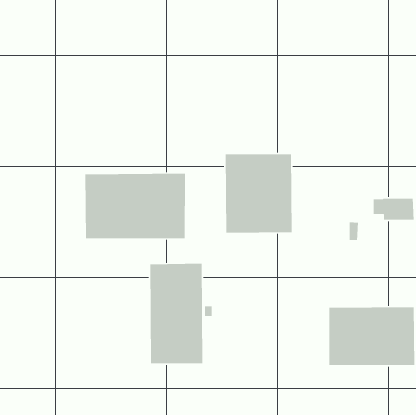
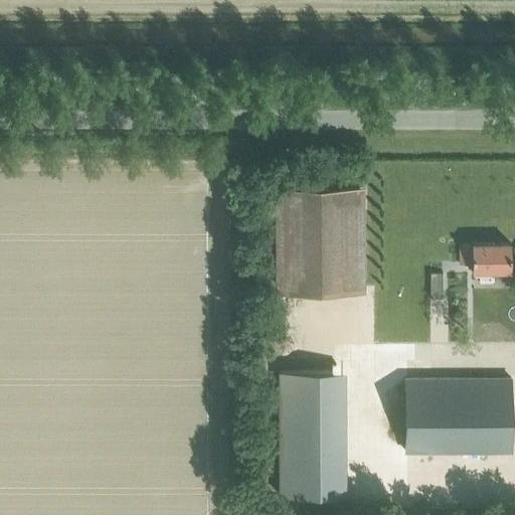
building: [84,173,186,239] -> none
building: [149,263,203,364] -> [280,374,346,499]

